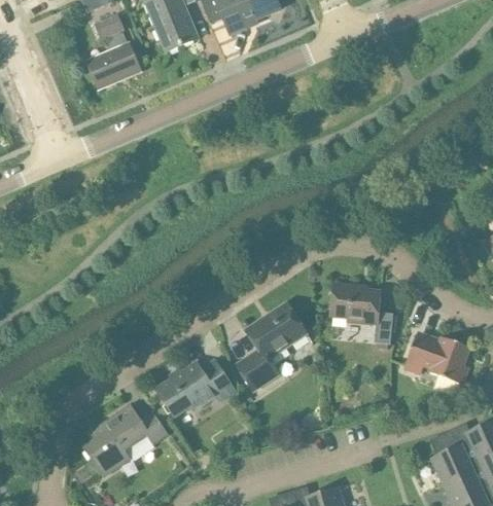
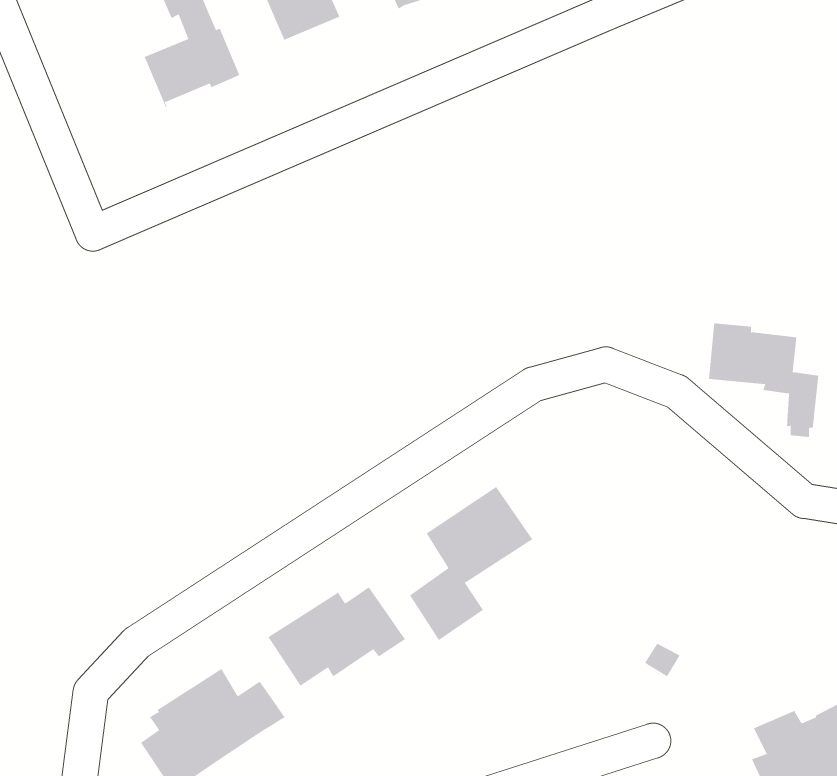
building: [329,283,392,348] -> [708,323,819,437]
building: [403,333,468,383] -> none

